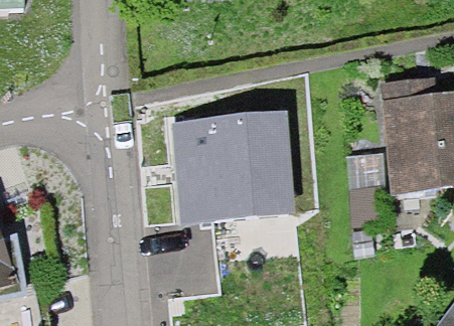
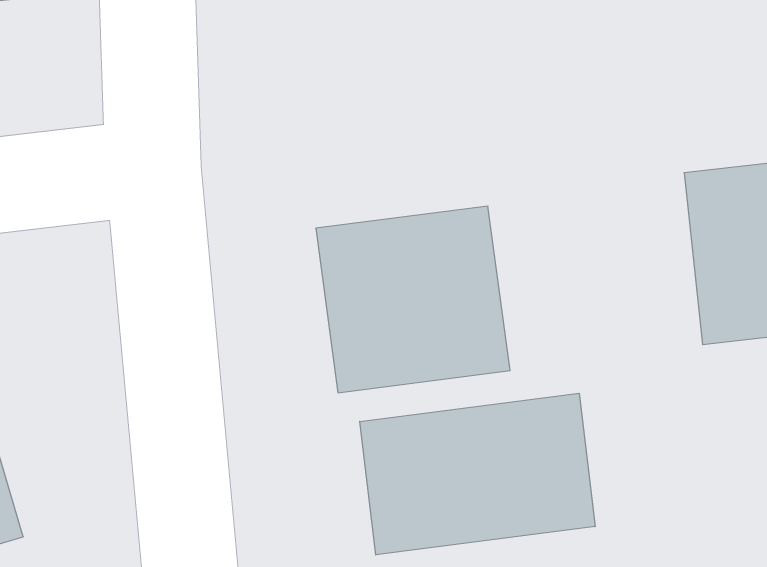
building: none -> [360,393,595,555]

